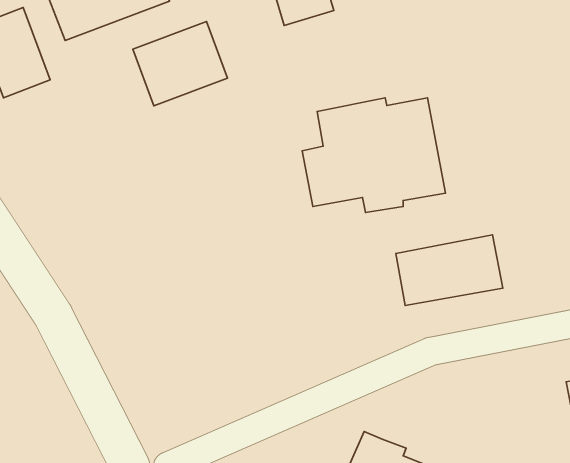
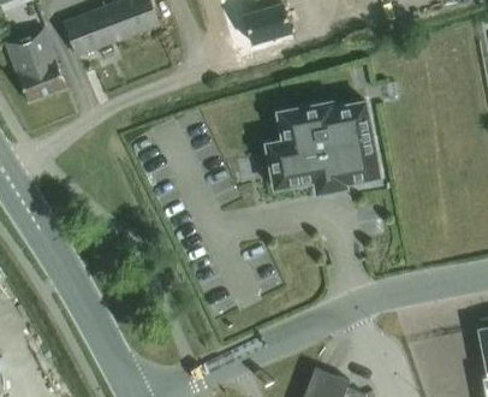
building: [133,21,227,106] -> none
building: [396,235,503,305] -> none

